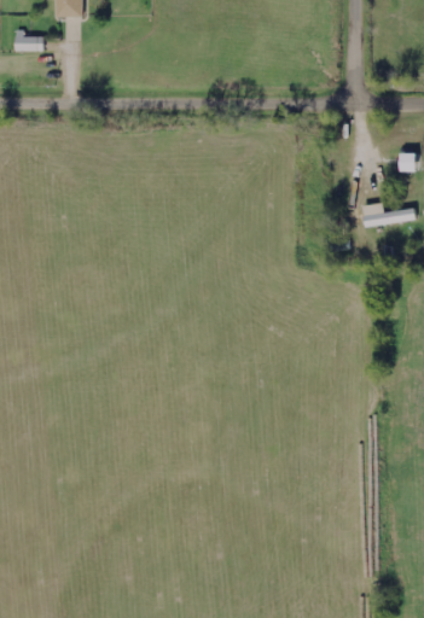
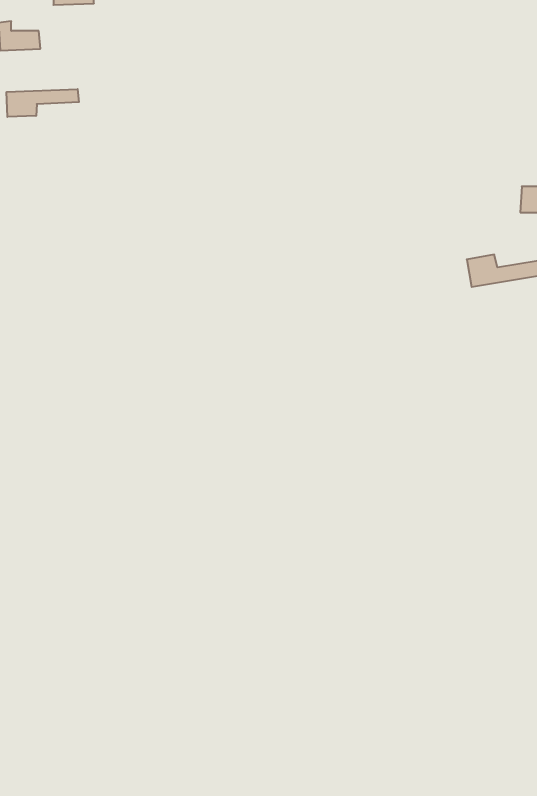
building: none -> [7,89,79,117]

